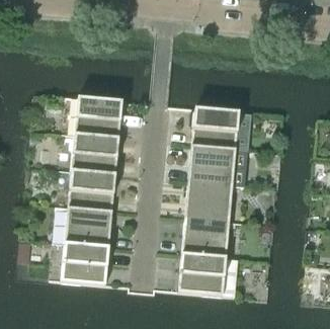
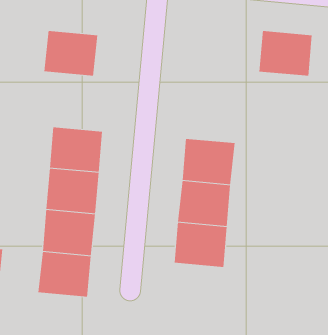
building: [74,97,122,138] -> [43,30,98,76]
building: [191,107,239,148] -> [259,31,312,76]
building: [178,254,226,295] -> none

